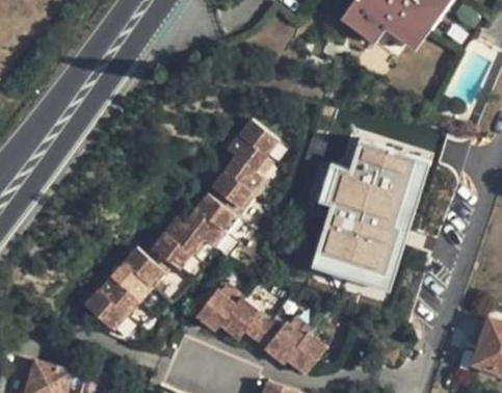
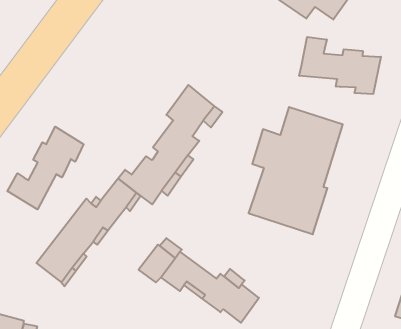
building: none -> [299,37,381,94]
building: [312,159,430,290] -> none
building: none -> [7,127,84,209]

